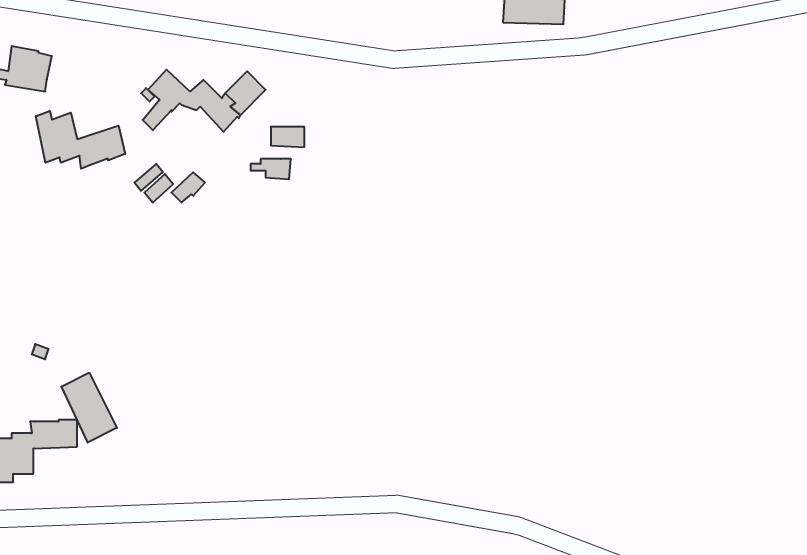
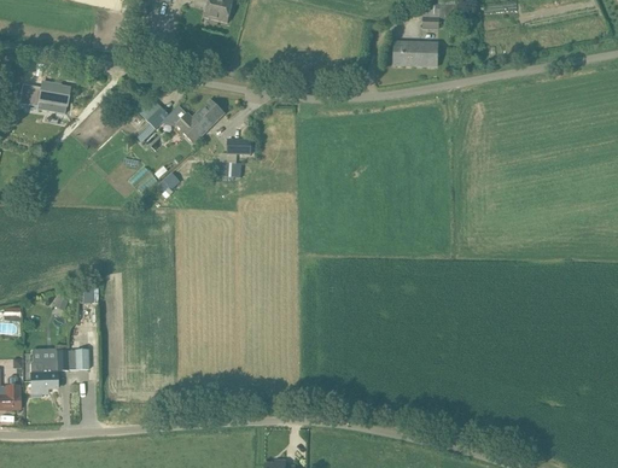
building: [36,111,125,169] -> none
building: [61,373,117,443] -> none

